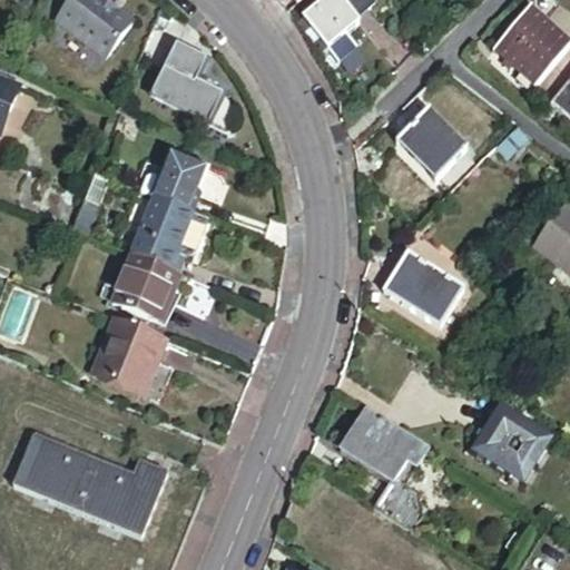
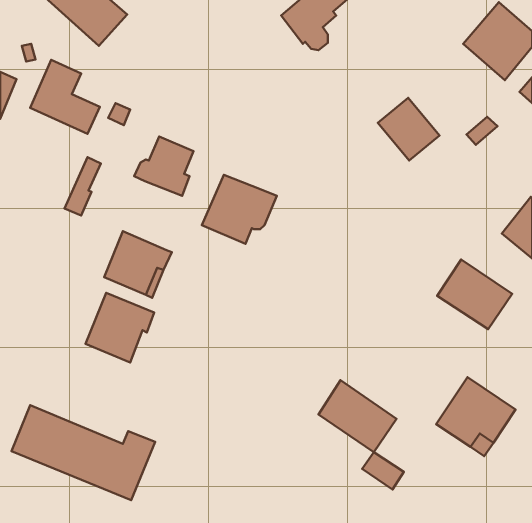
building: [153,40,227,119] -> [30,60,100,134]
building: [131,194,212,267] -> [202,175,277,244]
building: [385,249,465,324] -> [437,259,512,329]

